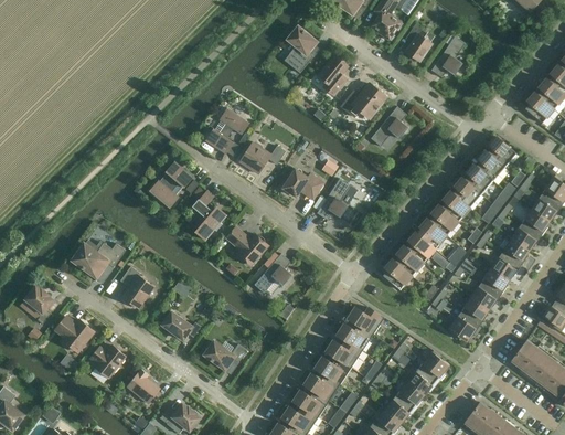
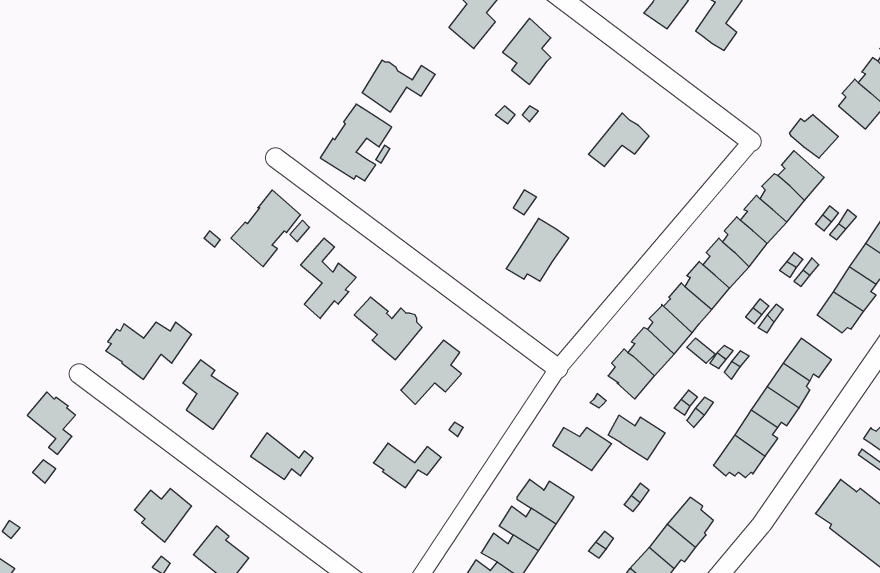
building: [340,83,386,118] -> none
building: none -> [790,114,838,158]
building: [239,141,285,173] -> [362,60,435,112]
building: [279,169,322,195] -> none
building: [495,234,527,265] -> none
building: [55,316,93,351] -> none
building: [337,322,372,350] -> [608,415,665,460]
building: [204,341,246,369] -> [373,443,441,488]

